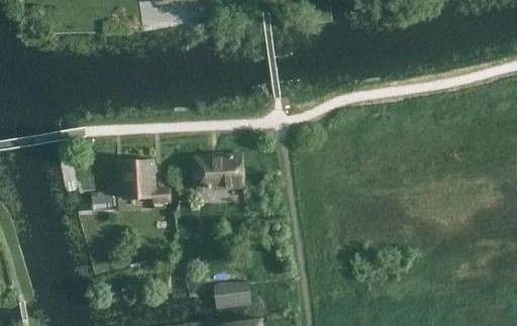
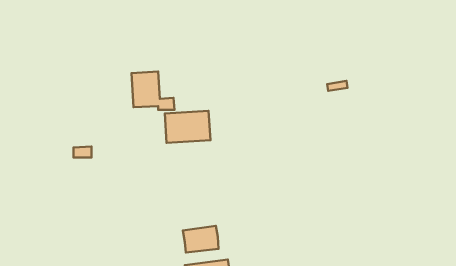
building: [122,158,170,201] -> [132,71,175,110]

